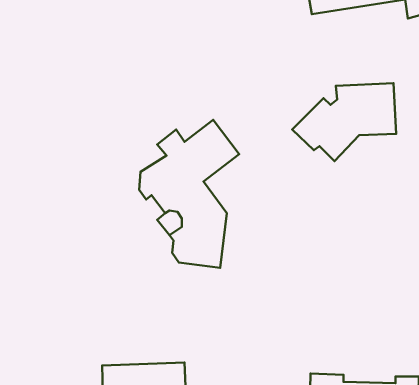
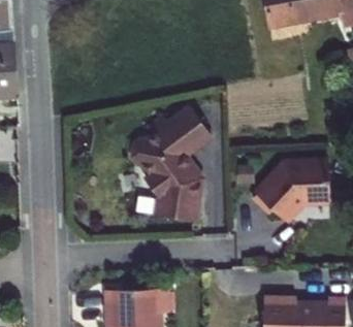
building: [292,83,396,161] -> [249,161,327,220]

